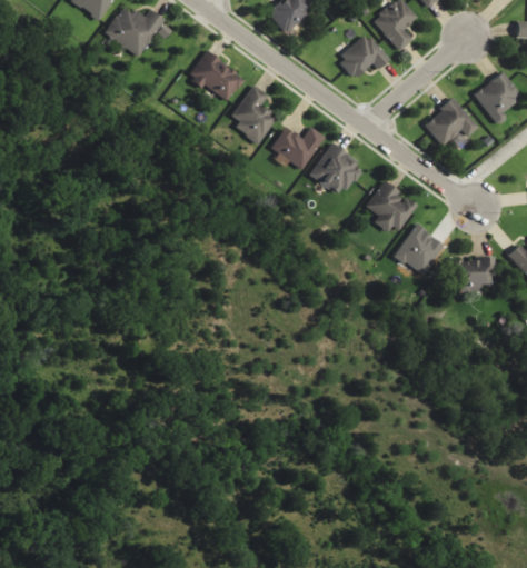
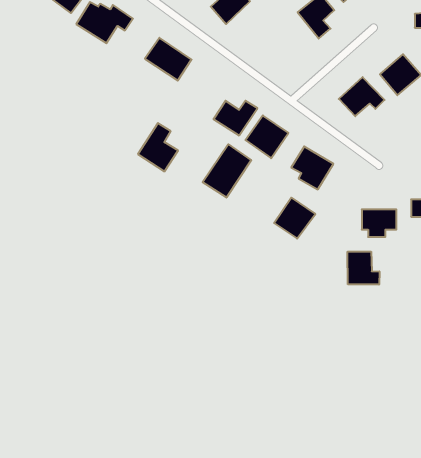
building: [336,33,388,79] -> none
building: [227,83,276,142] -> [138,123,178,171]
building: none -> [203,144,251,198]
building: [394,225,444,275] -> [274,198,315,239]
building: none -> [348,252,379,285]

